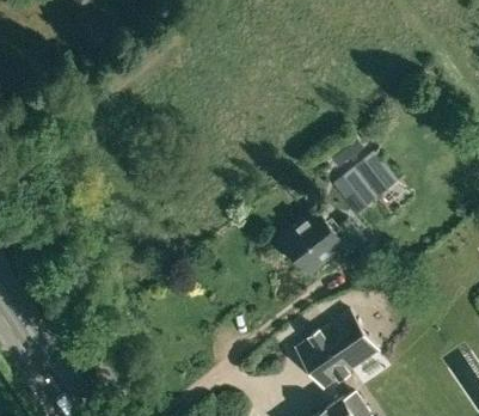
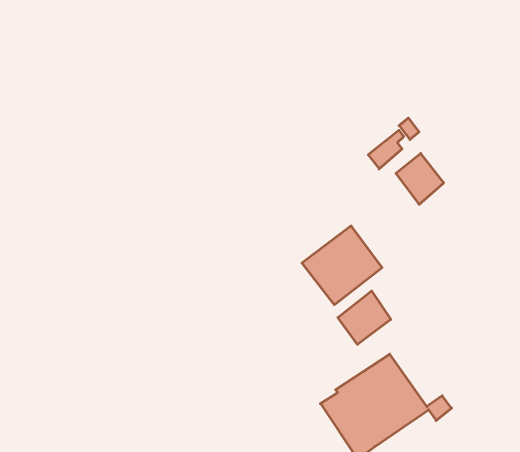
building: [333,171,371,210] -> none
building: none -> [338,291,391,344]

